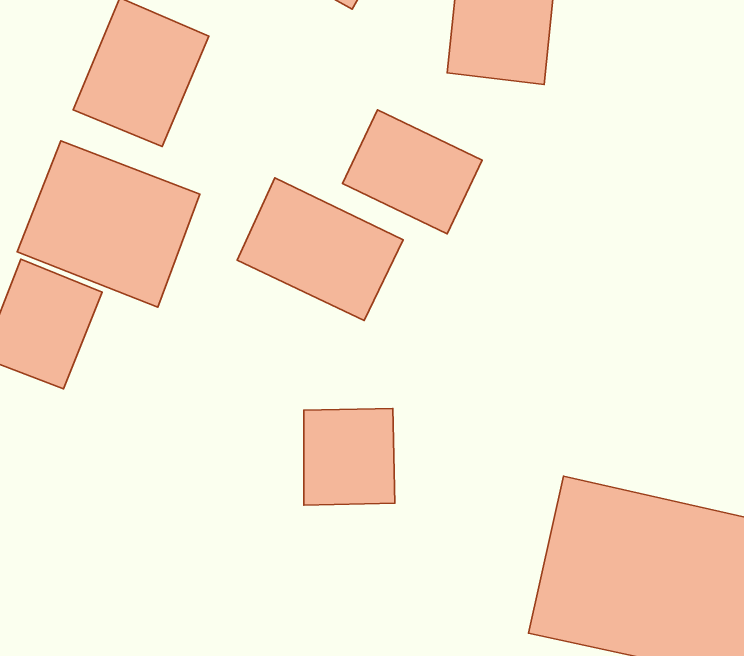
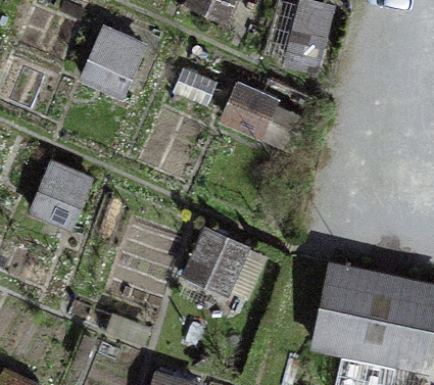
building: [17,141,200,307] -> none
building: [237,178,403,321] -> none

